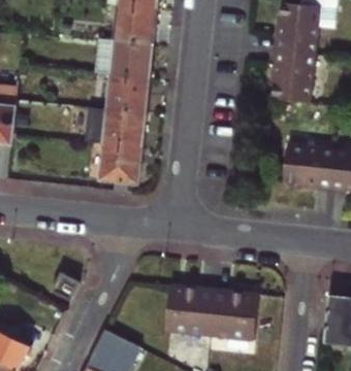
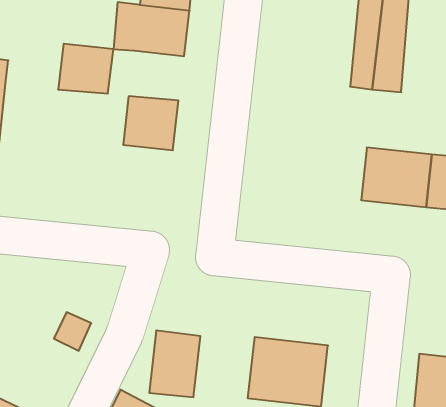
building: [107,74,149,111] -> [58,44,113,94]
building: [99,144,140,183] -> none
building: [163,283,201,333] -> [149,331,200,397]

